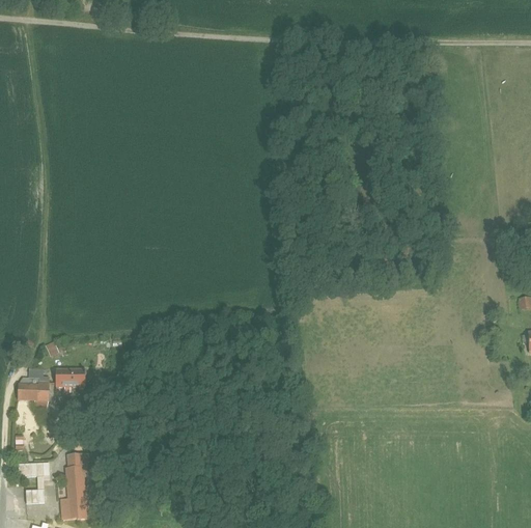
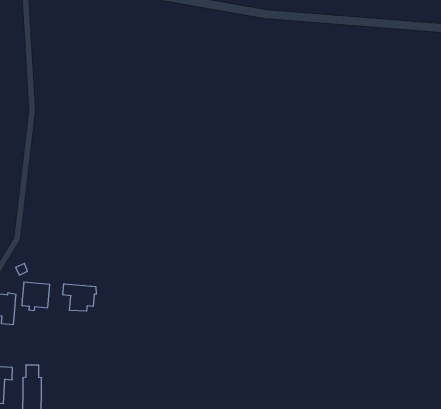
building: none -> [63,284,96,311]

